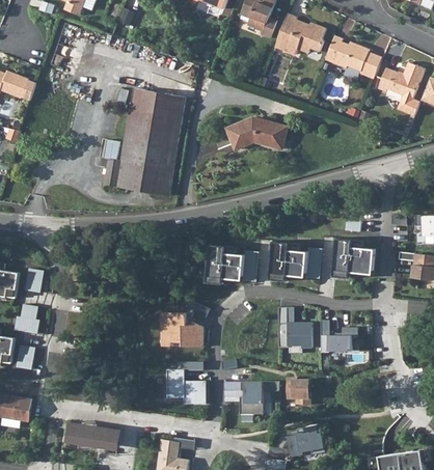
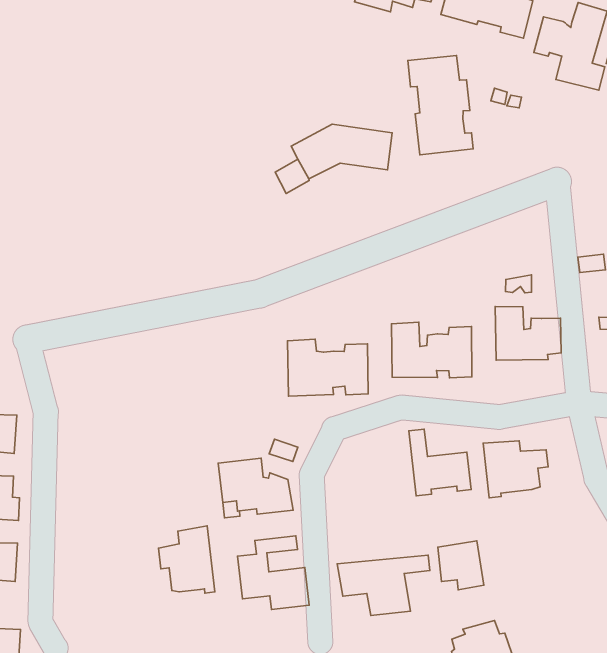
building: none -> [408,56,473,155]
building: [104,87,185,195] -> none
building: none -> [158,526,215,593]

